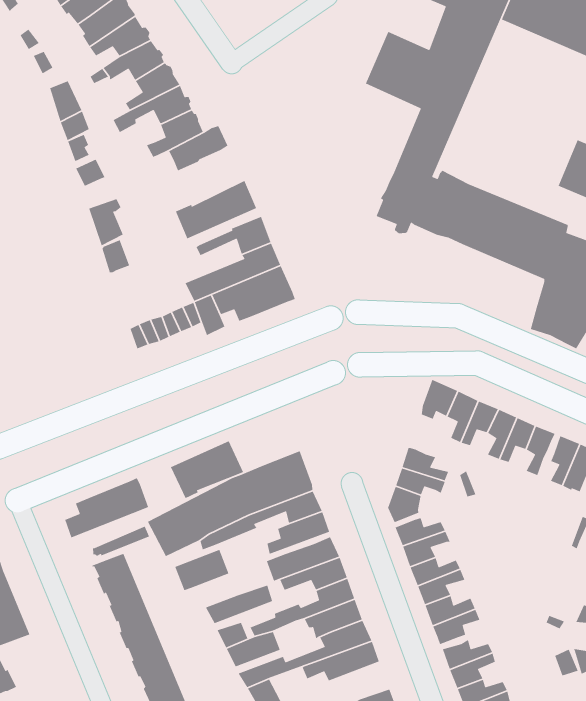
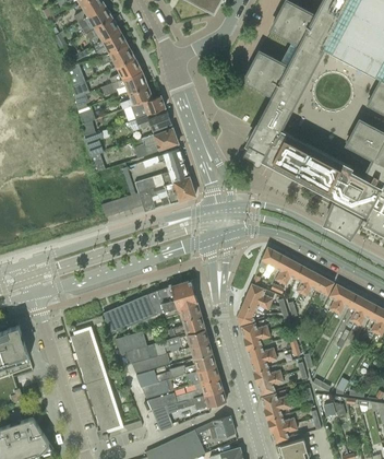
building: none -> [135,110,171,131]
building: [170,440,244,499] -> none
building: [64,477,149,539] -> none

